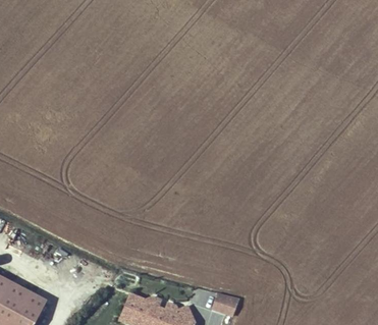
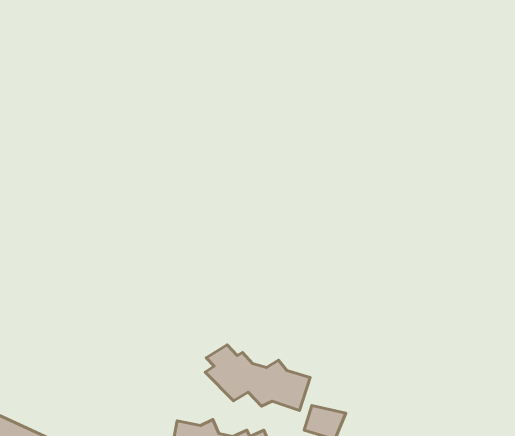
building: none -> [205,345,310,410]

